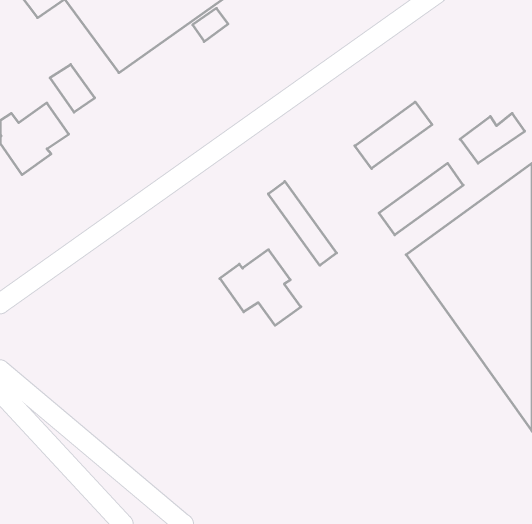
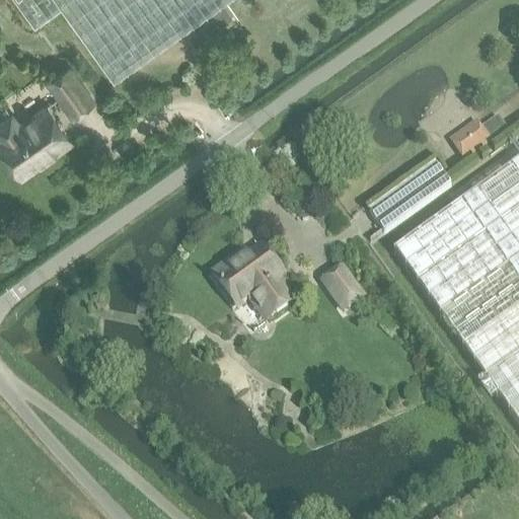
building: [355,102,432,169] -> none
building: [268,181,337,265] -> none
building: none -> [322,265,362,307]

